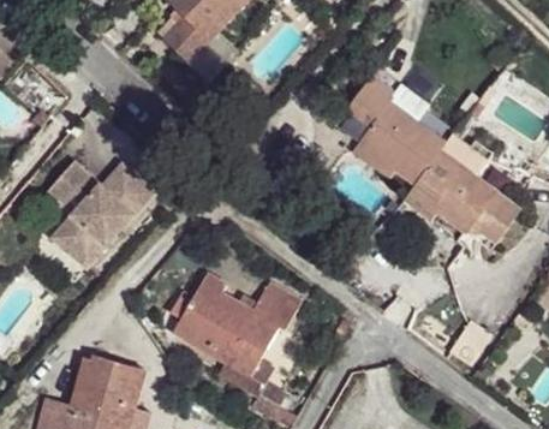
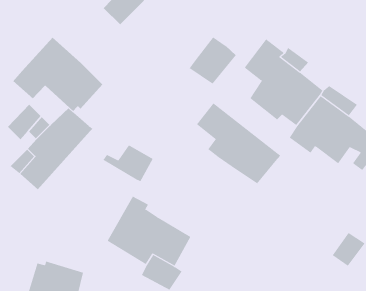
building: none -> [189,36,237,85]
building: none -> [12,37,103,112]
building: none -> [196,102,281,184]
building: [235,281,299,328] -> [103,144,153,182]

